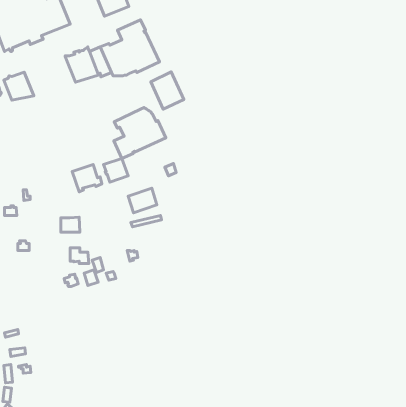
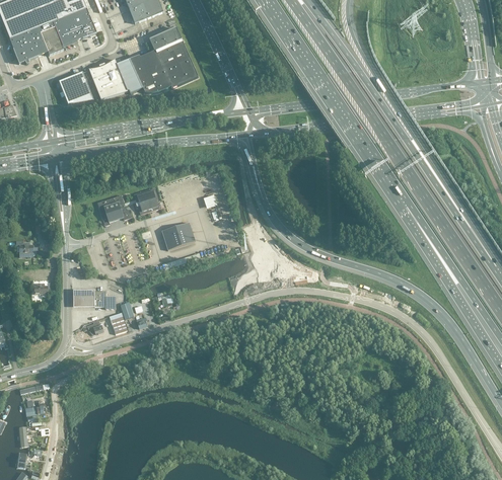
building: [151,72,184,109] -> none
building: [4,72,34,100] -> [60,71,94,103]
building: [114,108,166,158] -> none
building: [61,217,80,232] -> [73,289,95,306]

